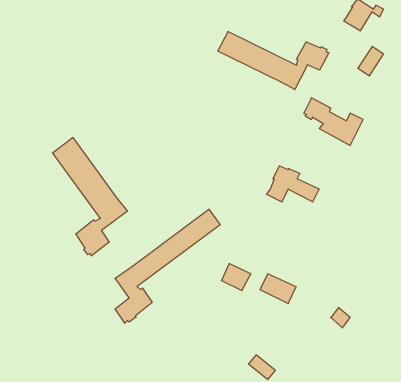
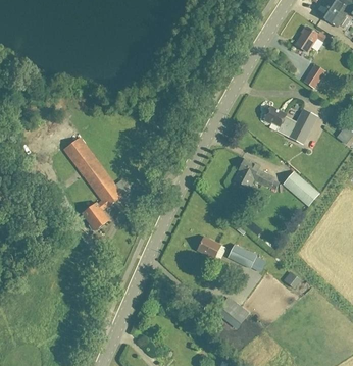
building: [218,31,329,90] -> none
building: none -> [289,176,318,205]
building: [115,209,220,323] -> none

